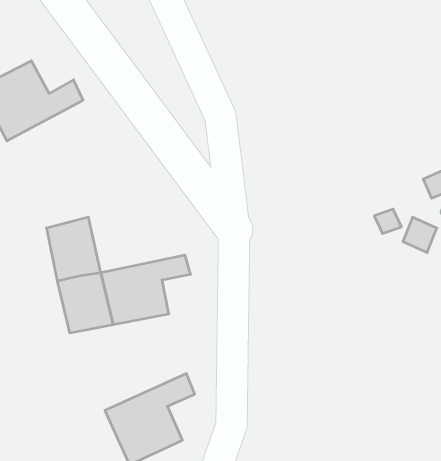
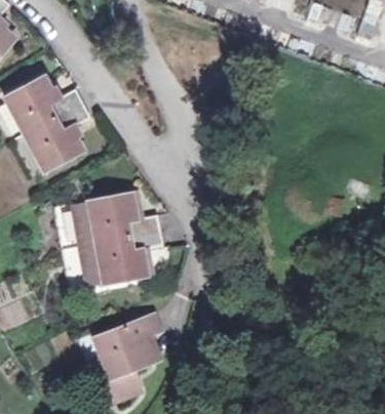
building: none -> [24,106,89,174]
building: none -> [85,184,158,236]

